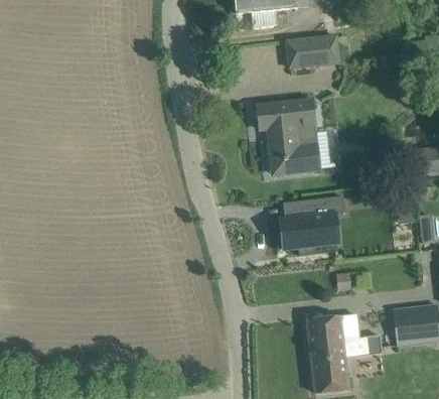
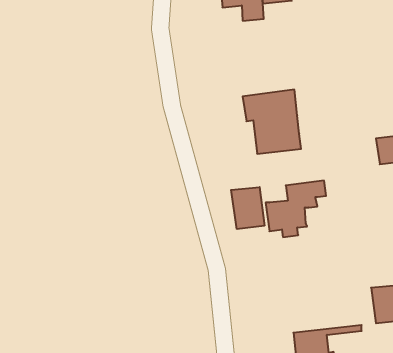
building: [286,35,338,66] -> none
building: none -> [231,187,264,229]
building: [306,314,381,356] -> none

